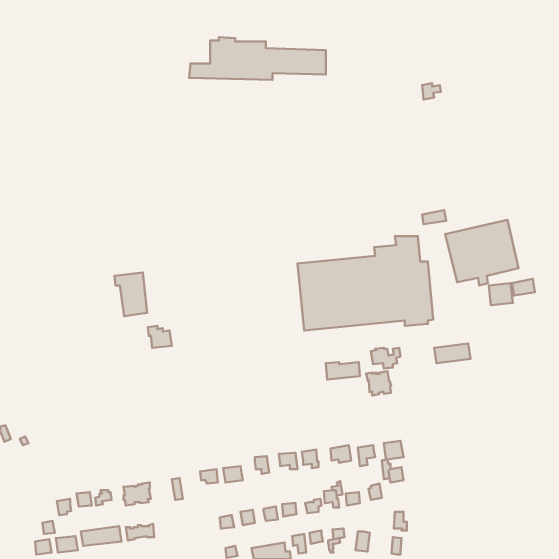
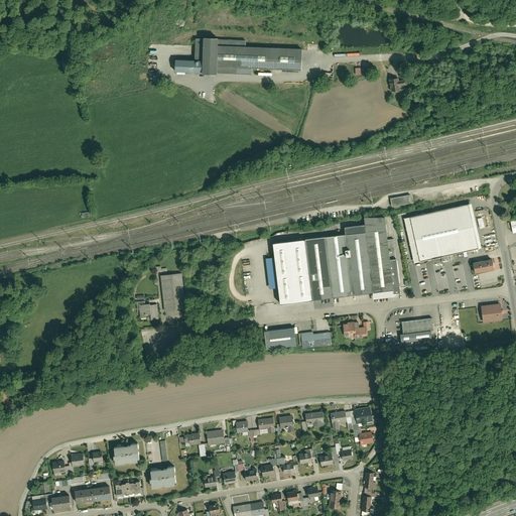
building: [114,272,147,316] -> [155,272,185,312]
building: [489,283,513,305] -> [480,302,502,322]
building: none -> [265,330,296,351]
building: [366,371,391,395] -> none
building: none -> [150,467,175,488]

